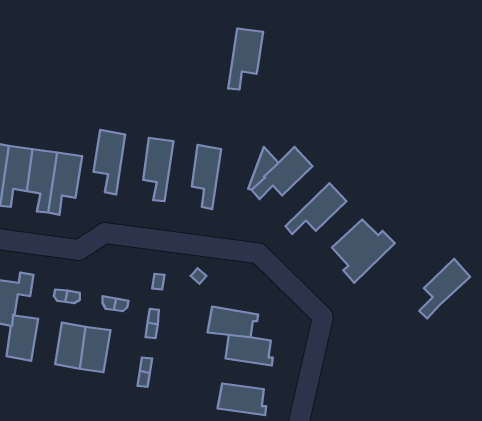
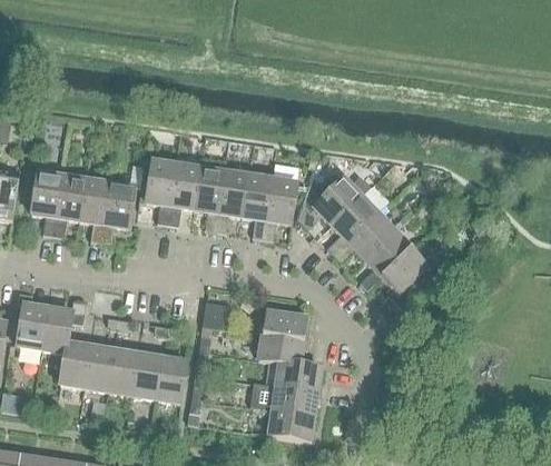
building: [228,29,263,90] -> [262,178,296,238]
building: none -> [167,163,199,224]
building: none -> [215,170,247,231]
building: none -> [326,195,377,254]
building: [419,259,470,319] -> [360,229,410,288]
building: none -> [262,308,308,340]
building: none -> [83,345,114,389]
building: none -> [155,356,186,400]
building: none -> [272,384,321,414]

